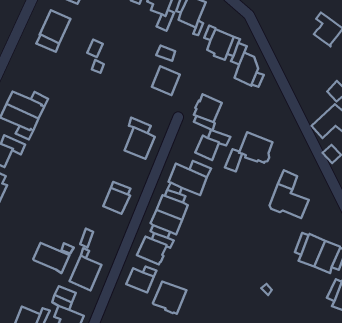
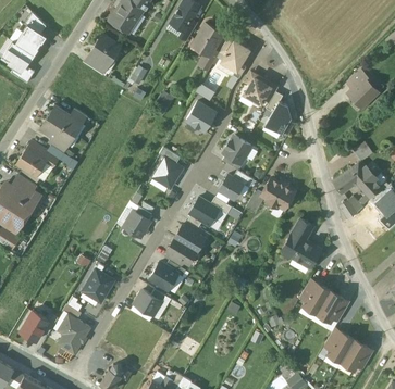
building: [33,243,69,273] -> none
building: [153,281,186,314] -> none

